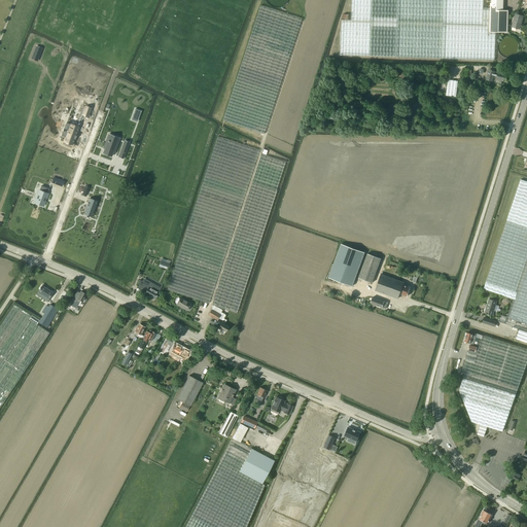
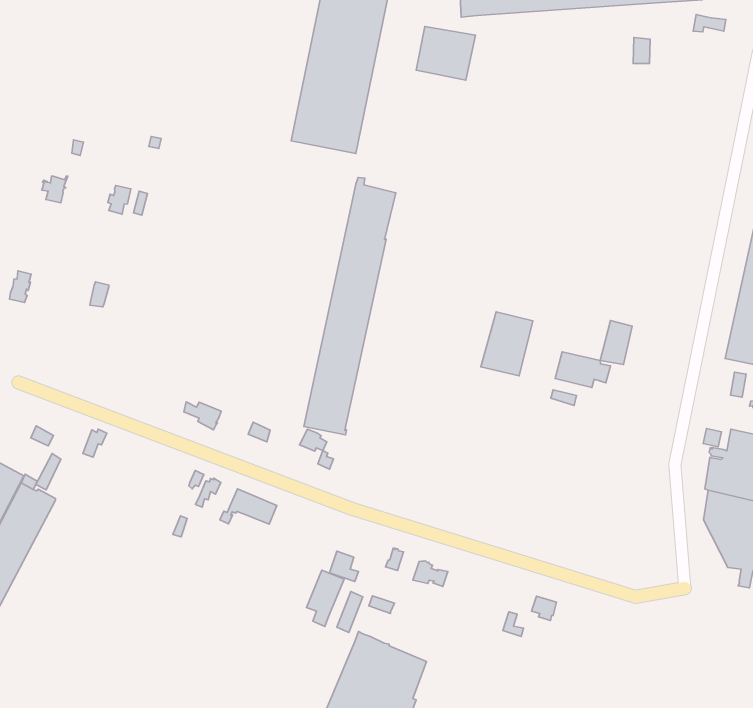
building: none -> [416,27,475,80]
building: [168,136,258,303] -> none
building: [358,253,381,282] -> [600,321,632,365]
building: [177,376,203,412] -> [306,570,344,627]

